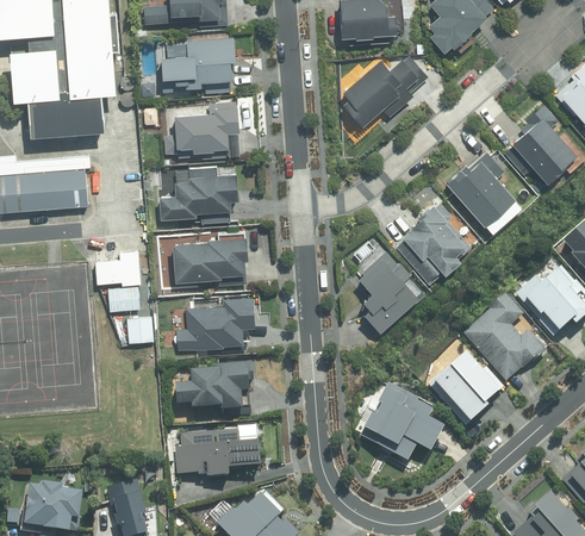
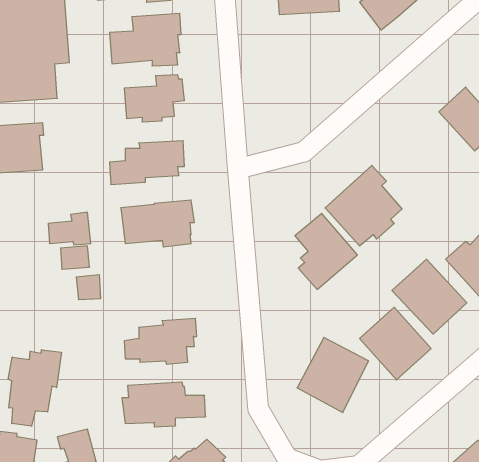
building: [344,52,429,125] -> none
building: [448,156,525,235] -> none
building: [176,295,256,349] -> none
building: none -> [8,350,61,426]

